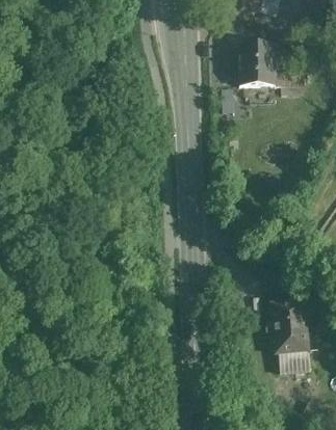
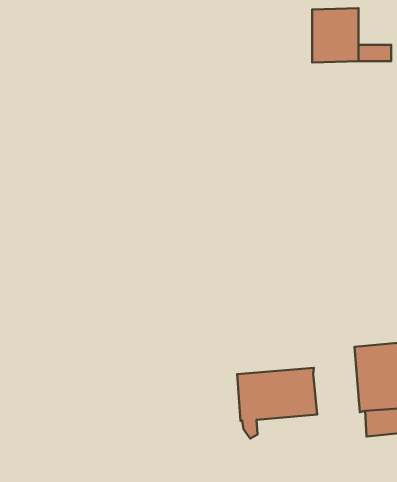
building: none -> [237,368,317,439]

